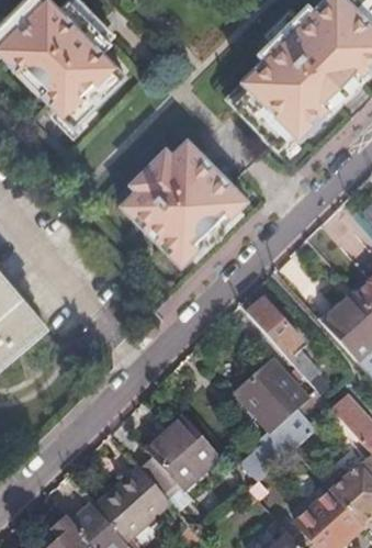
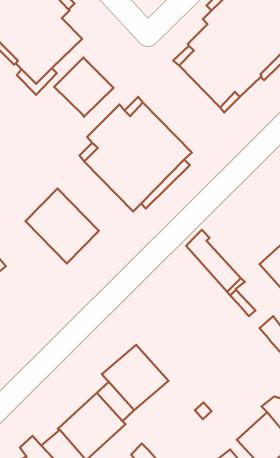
building: none -> [54,58,114,117]
building: none -> [25,188,99,264]
building: [239,358,318,477] -> none

